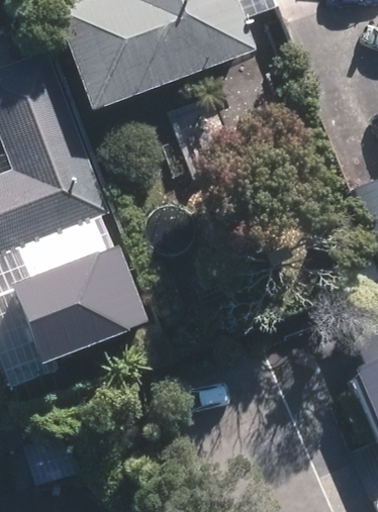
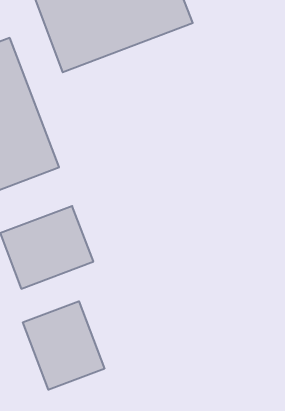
building: none -> [23,301,104,390]

